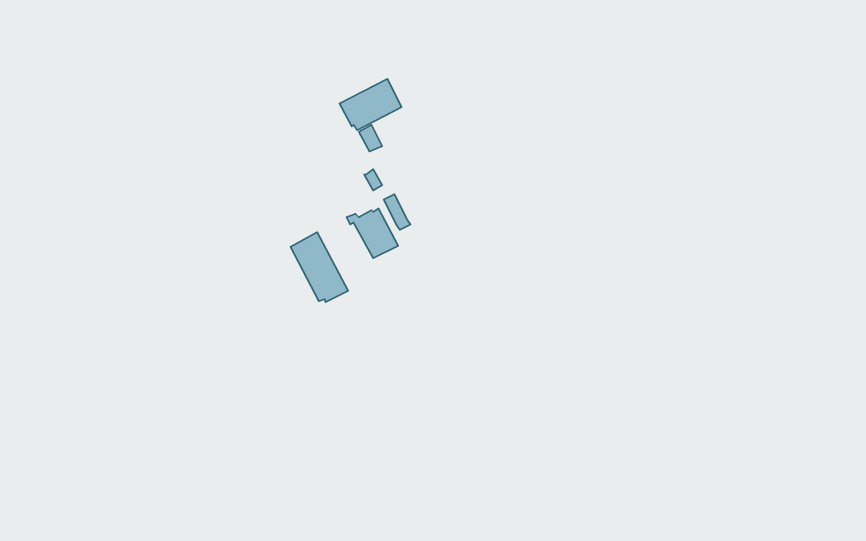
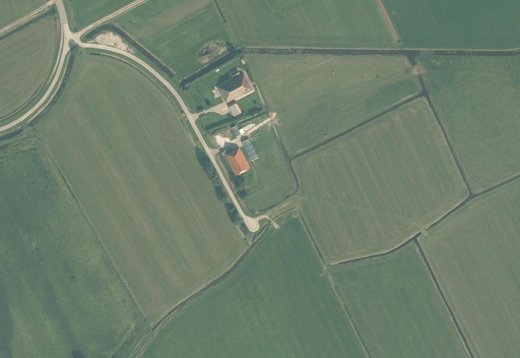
building: [290,232,348,302] -> none

